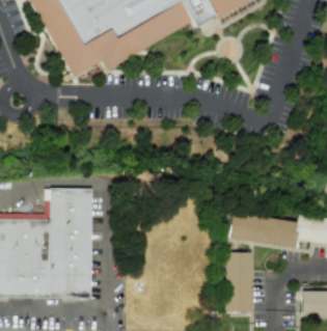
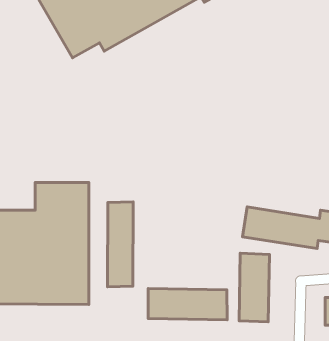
building: none -> [107,202,133,287]
building: none -> [148,289,227,320]

